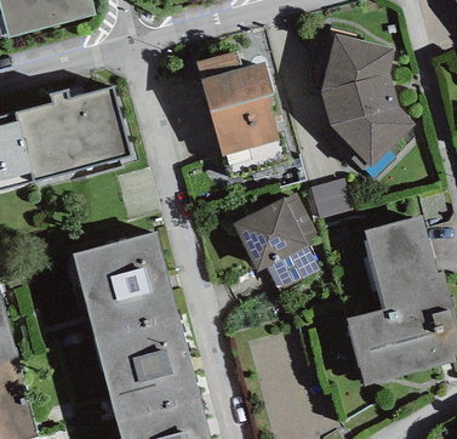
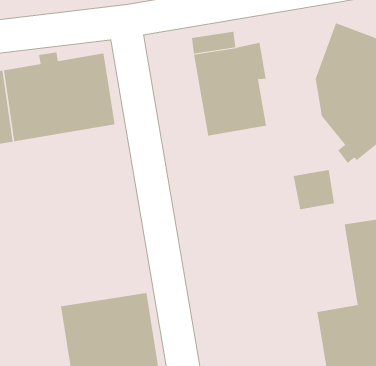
building: [232,192,320,291] -> none
building: [72,233,178,338] -> none

